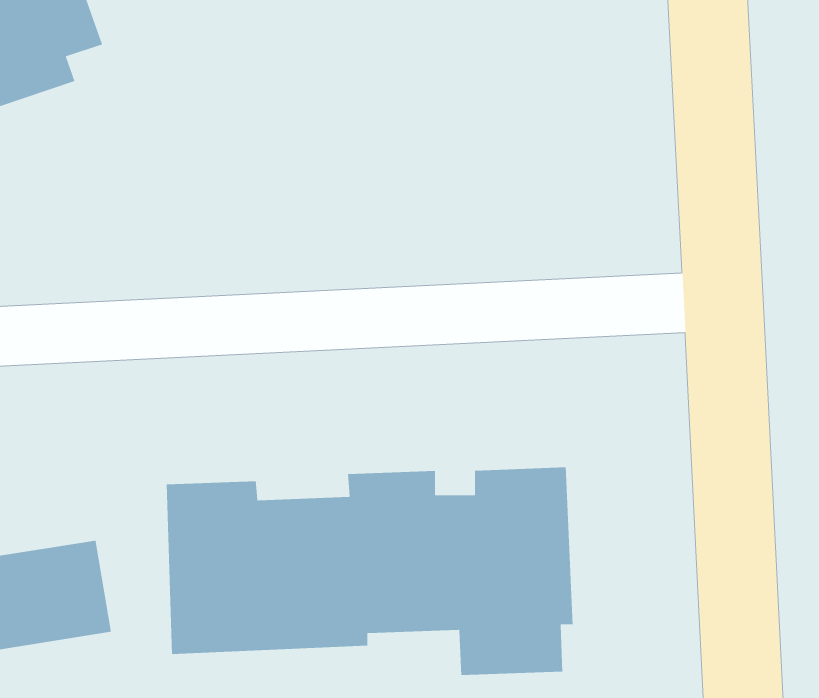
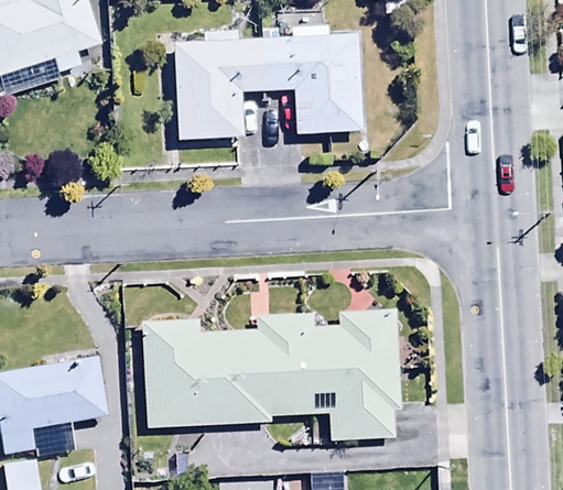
building: none -> [174,25,364,140]

